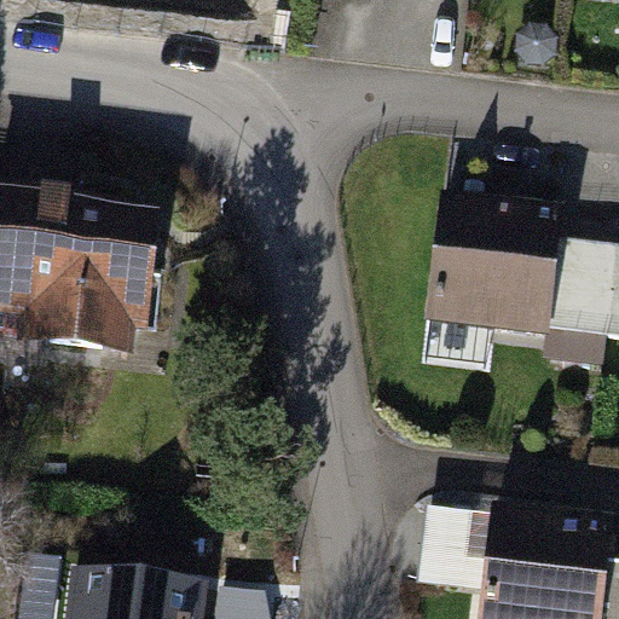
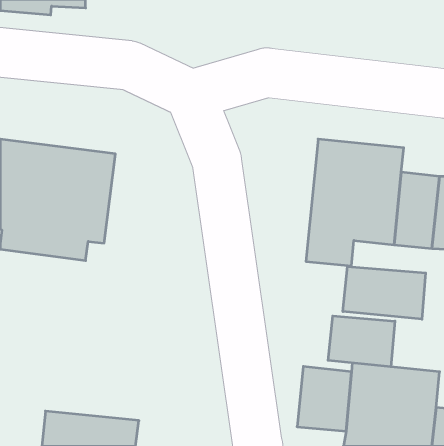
building: none -> [343,267,426,319]
building: none -> [328,316,395,367]

